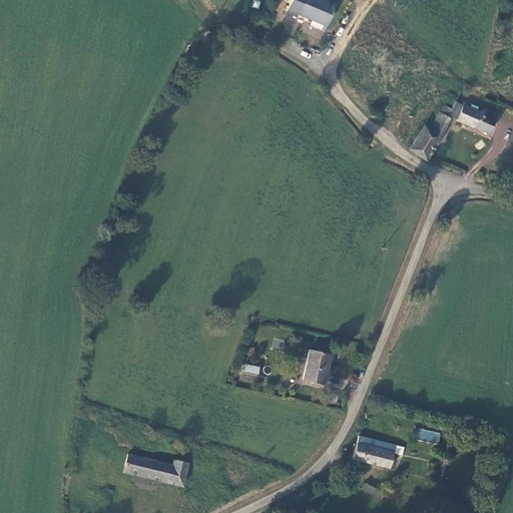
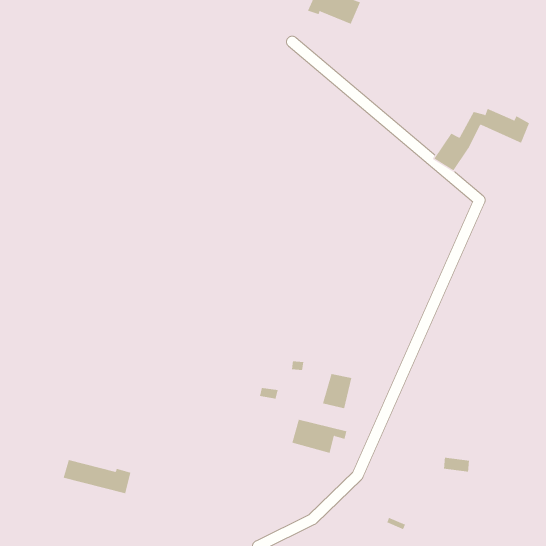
building: [353,436,405,468] -> [292,419,347,454]
building: [124,453,188,485] -> [63,460,131,494]

